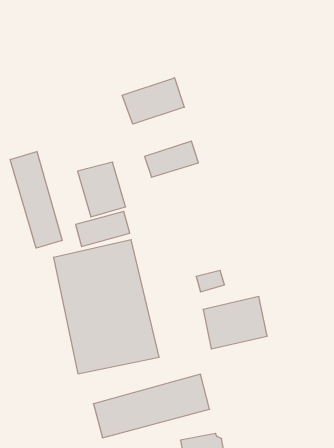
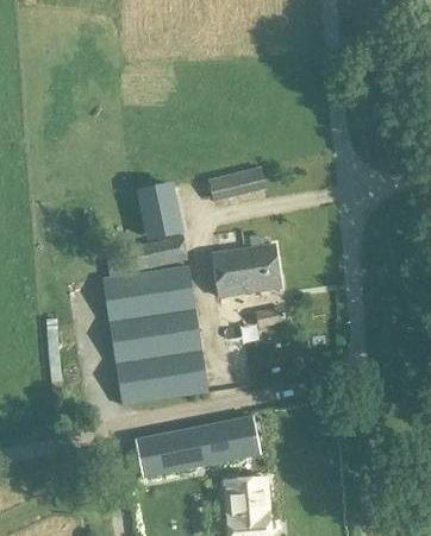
building: [122,78,184,124] -> none
building: [10,151,62,248] -> none
building: [203,297,267,349] -> [214,242,281,295]

